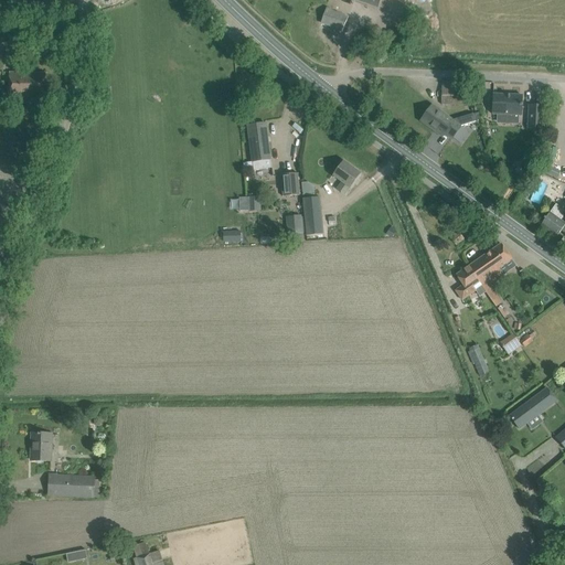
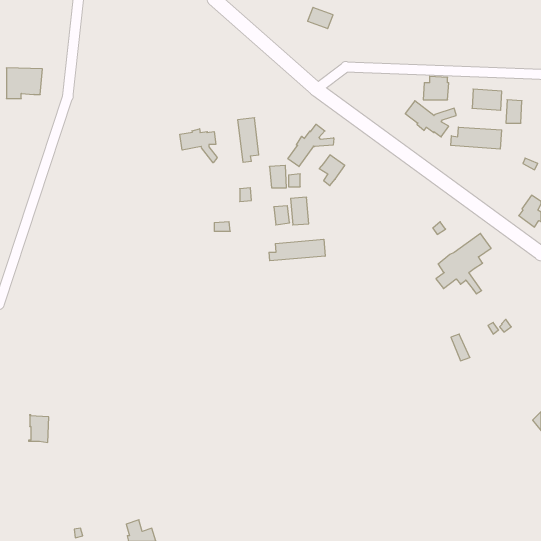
building: none -> [288,124,334,167]
building: none -> [451,127,502,149]
building: none -> [180,129,217,163]
building: none -> [269,239,325,261]
building: [509,387,555,428] -> none
building: [47,475,99,497] -> none

